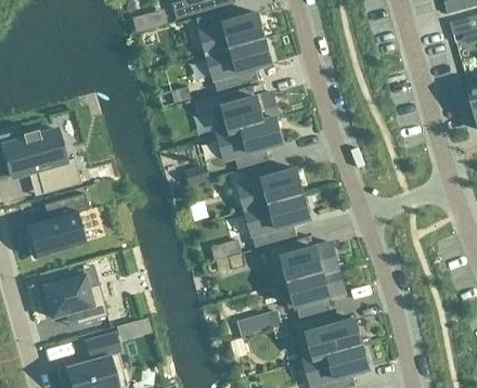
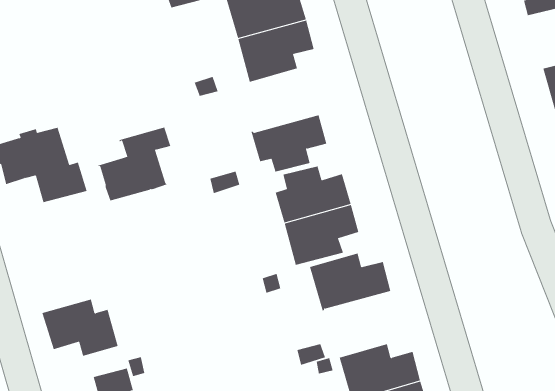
building: [214,86,279,133] -> none
building: [25,193,88,256] -> [97,127,171,201]
building: [281,268,345,318] -> none

